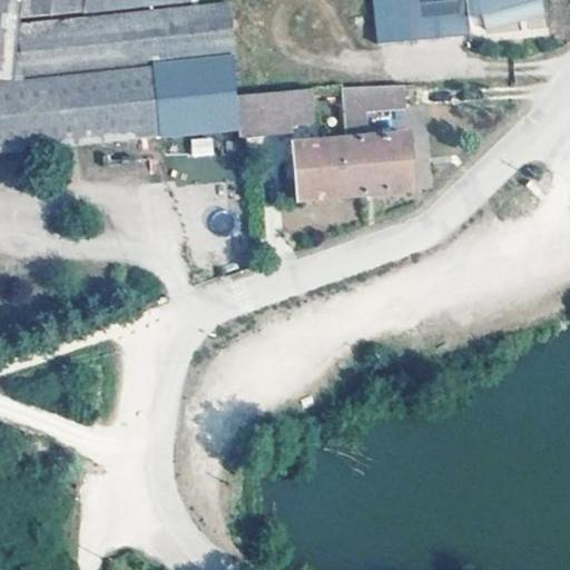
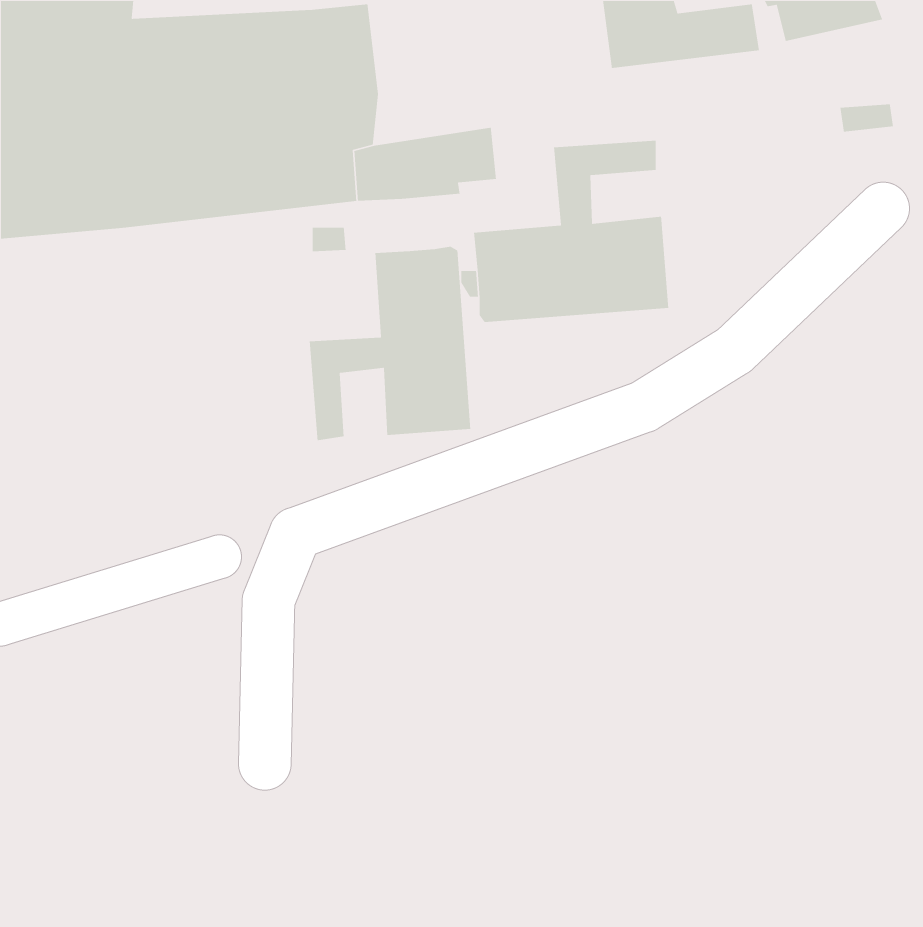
building: none -> [309,246,471,441]

